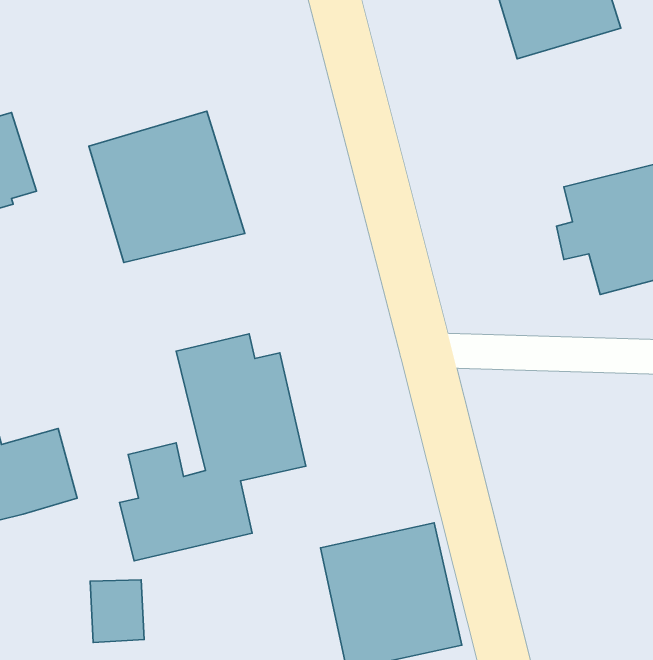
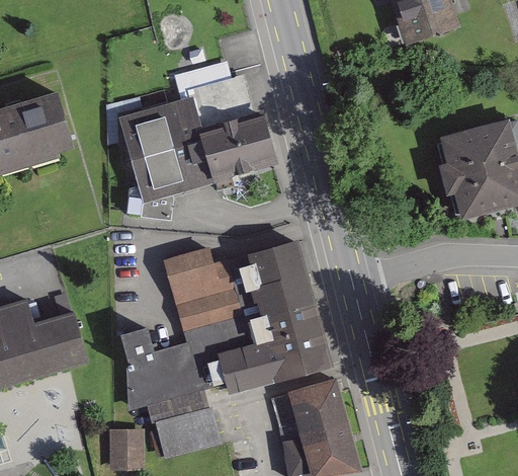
building: none -> [182,70,283,178]
building: none -> [226,243,338,392]
building: none -> [153,401,219,457]

